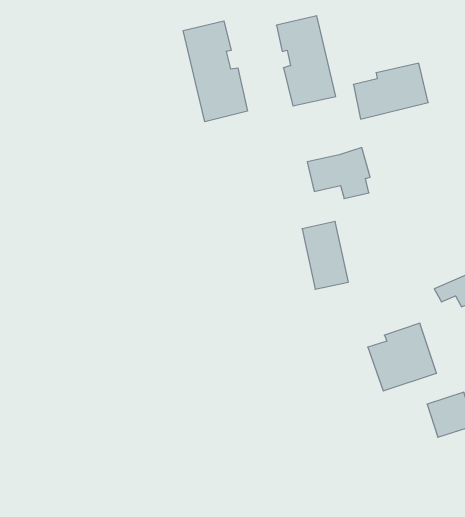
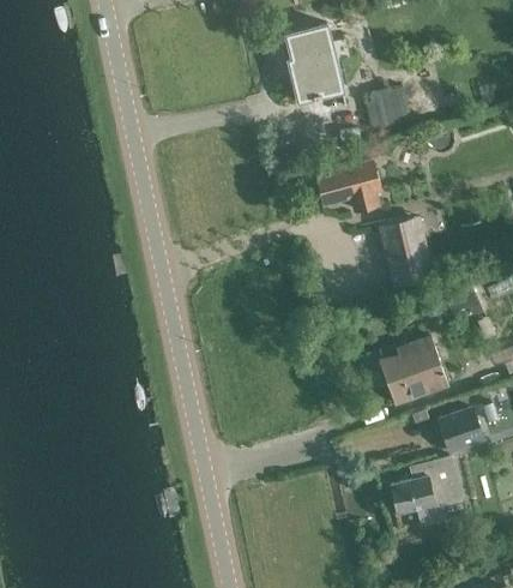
building: [183,21,247,122] -> none
building: [302,222,348,289] -> [379,218,426,287]
building: none -> [388,455,465,526]

